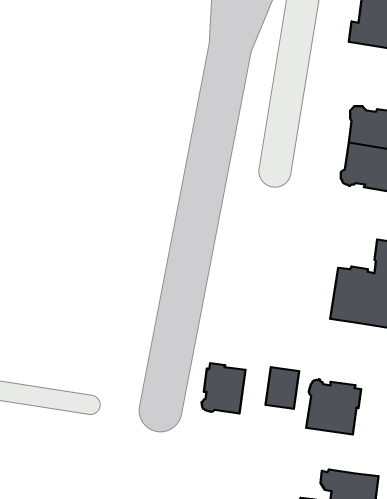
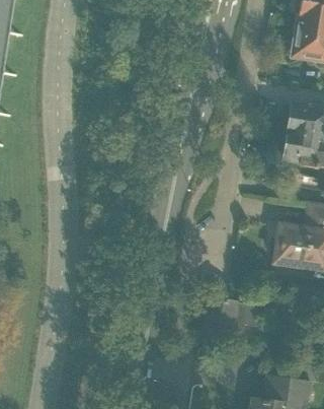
building: [201,363,246,414] -> none
building: [306,379,361,435] -> none

